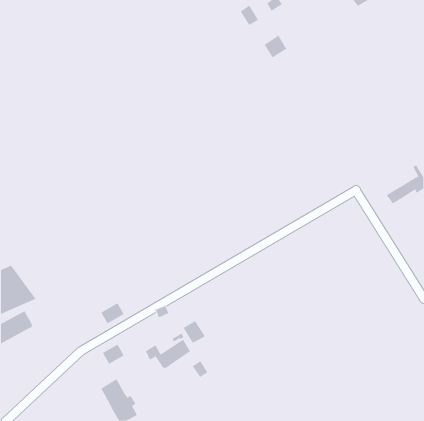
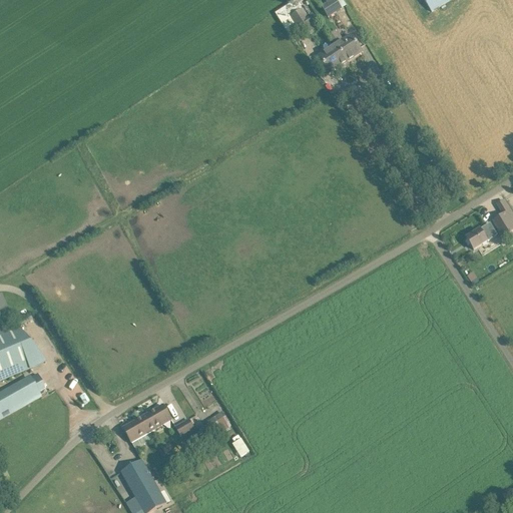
building: none -> [329,26,362,59]
building: [100,303,124,324] -> [142,403,171,429]
building: [183,320,205,344] -> none

